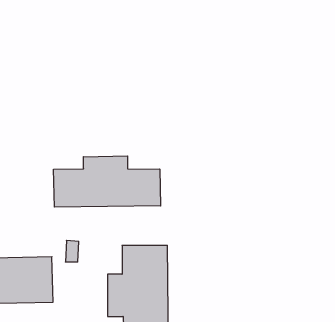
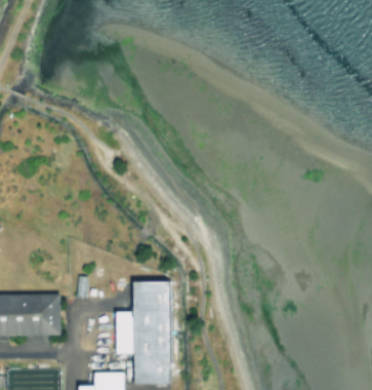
building: [54,156,161,207] -> none

